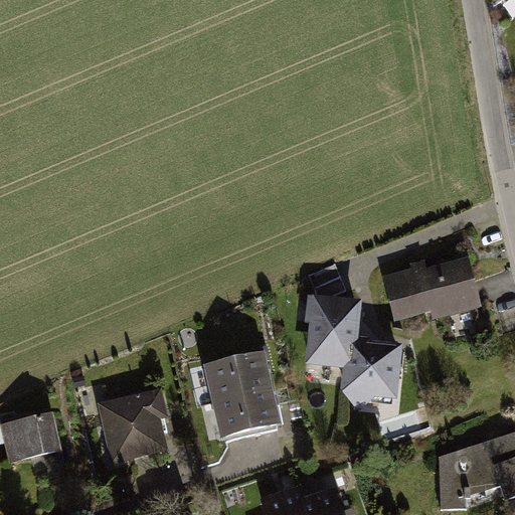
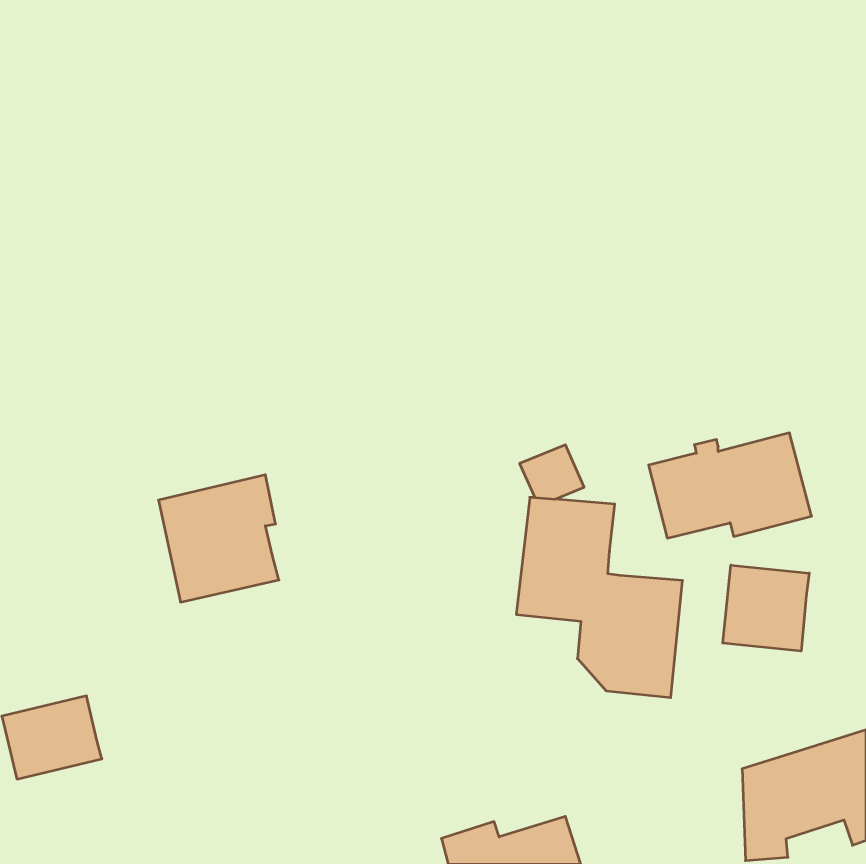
building: none -> [723,565,809,651]
building: [201,349,282,440] -> none
building: [98,388,169,464] -> [158,475,279,602]

